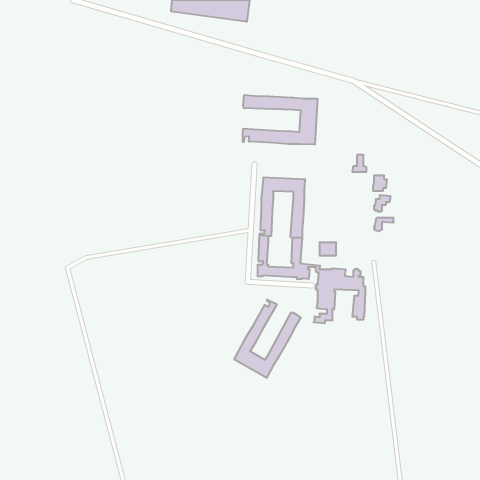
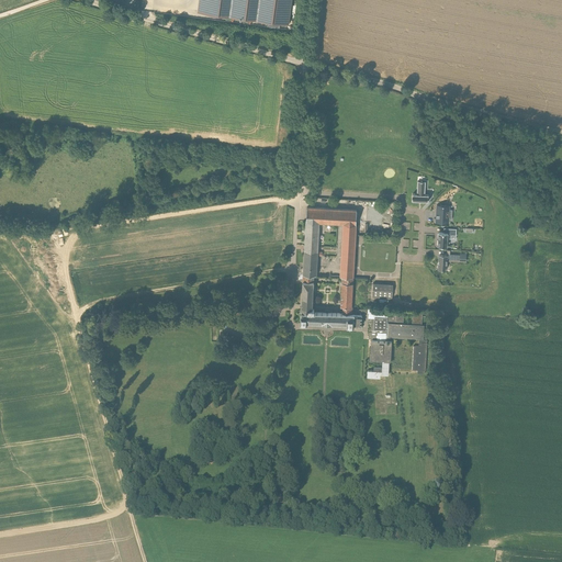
building: [243,95,317,145] -> none
building: [234,299,301,378] -> none

